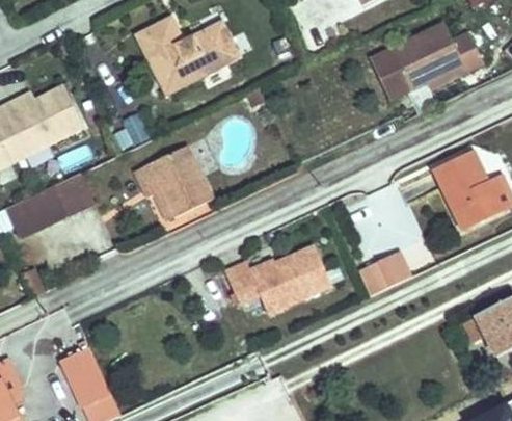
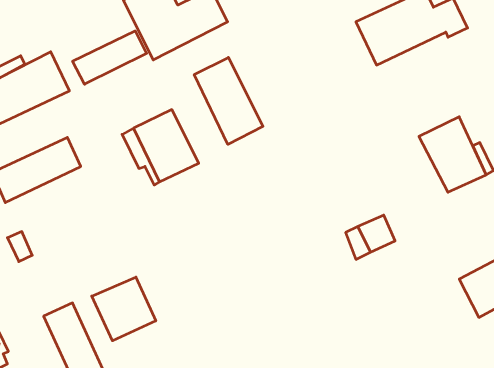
building: none -> [73,31,147,84]
building: none -> [194,57,263,144]
building: [224,245,332,313] -> none
building: none -> [92,277,156,341]

